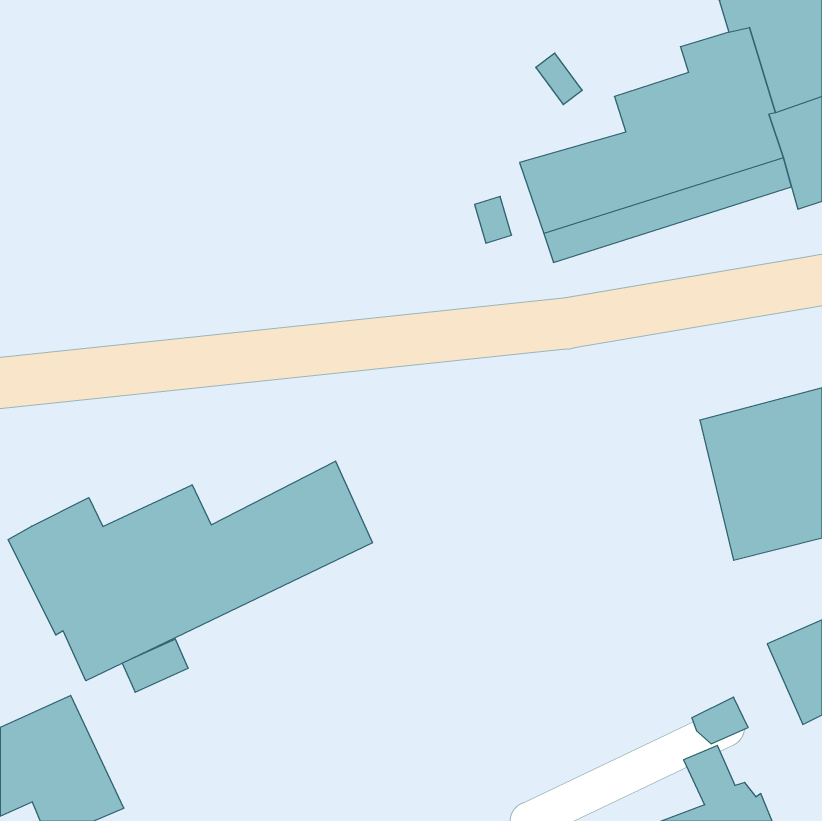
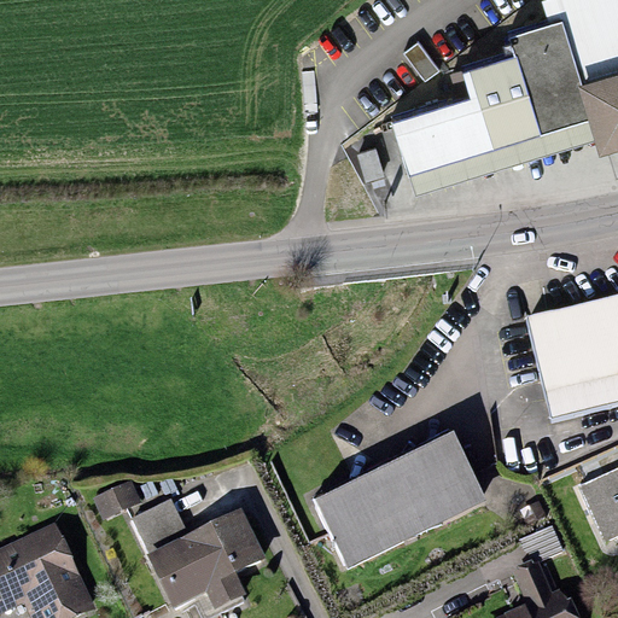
building: [8,461,372,681] -> none
building: none -> [313,431,488,570]
building: none -> [132,497,264,610]

